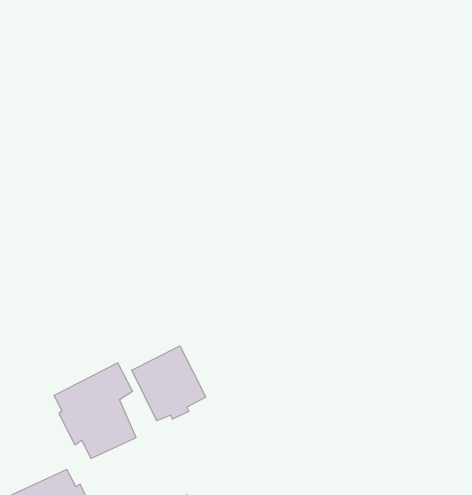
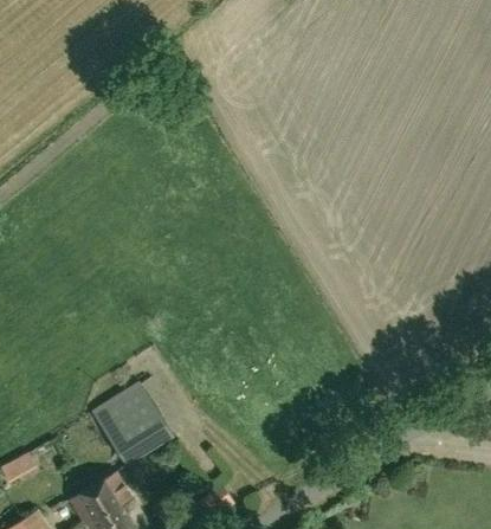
building: [132,346,206,421] -> none

